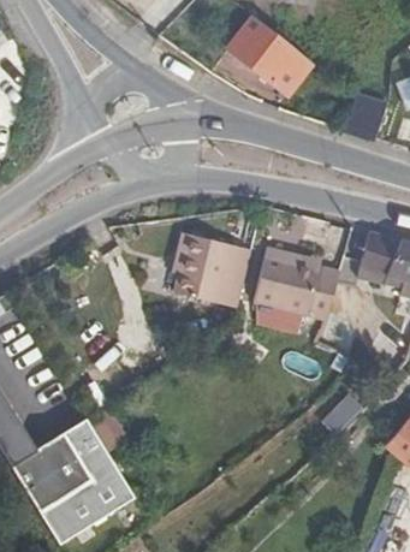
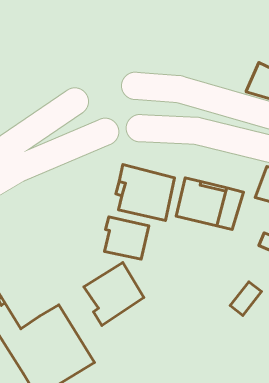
building: [230,16,313,94] -> none
building: none -> [105,217,149,259]
building: none -> [84,263,144,326]

